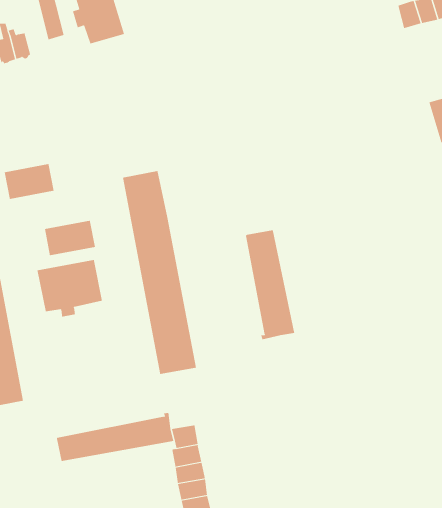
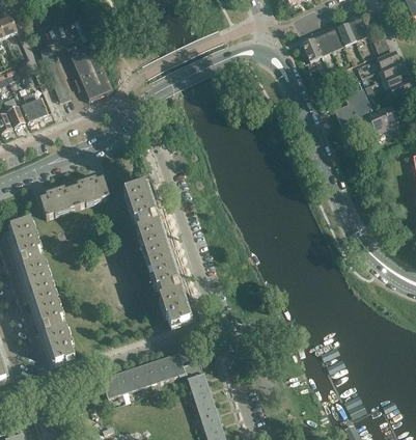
building: [44,220,96,256] -> [72,177,110,207]
building: [245,229,295,340] -> none
building: [37,259,103,318] -> none

